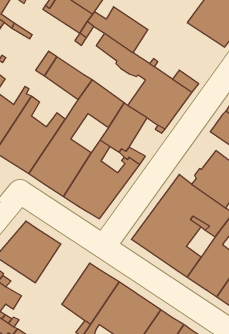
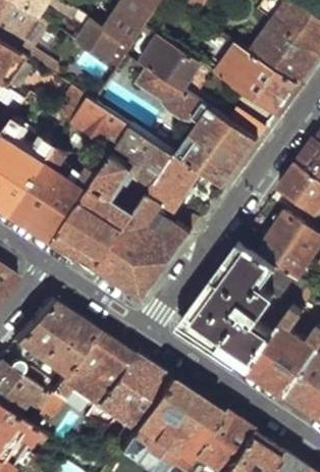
building: none -> [216,47,296,114]
building: none -> [43,329,127,412]

